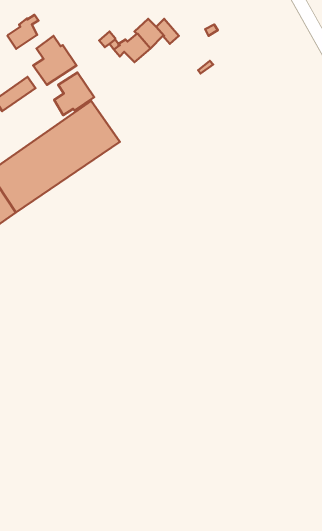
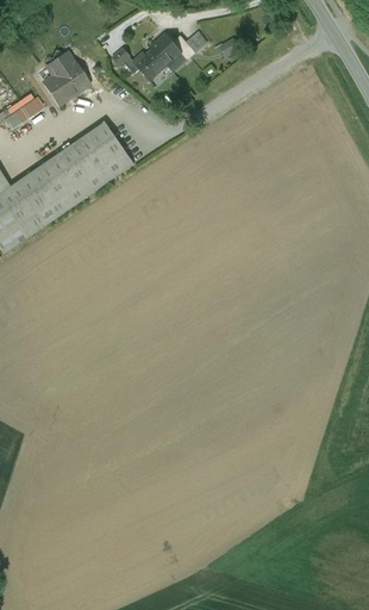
building: [8,15,39,49] -> none
building: [54,73,94,115] -> none

